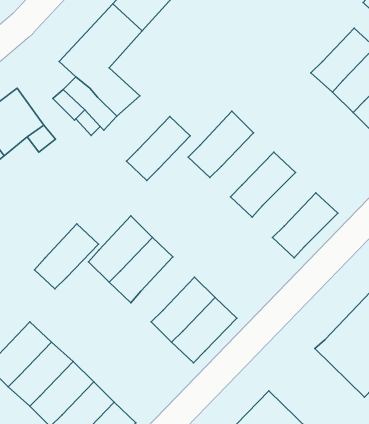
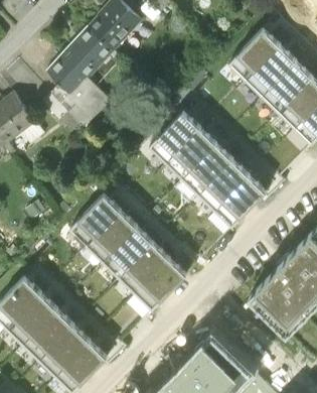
building: none -> [229,27,280,80]
building: [126,117,190,180] -> [166,127,216,177]
building: none -> [199,158,250,210]
building: [35,224,98,289] -> [104,225,154,276]

